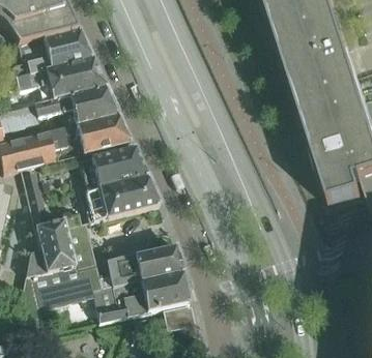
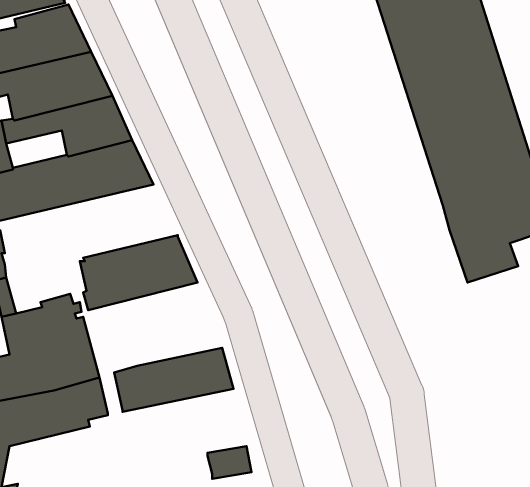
building: [79,146,146,188] -> none
building: [89,271,189,321] -> none

